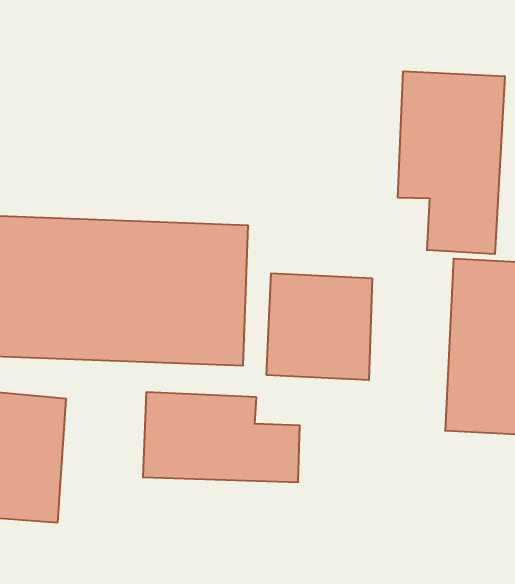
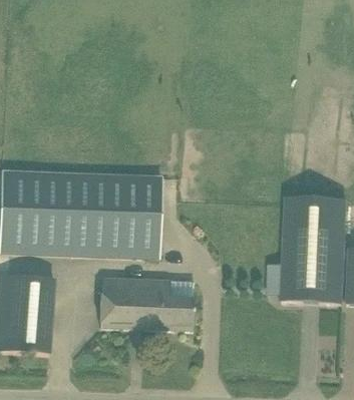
building: [398,71,505,254] -> none
building: [267,273,372,380] -> none

